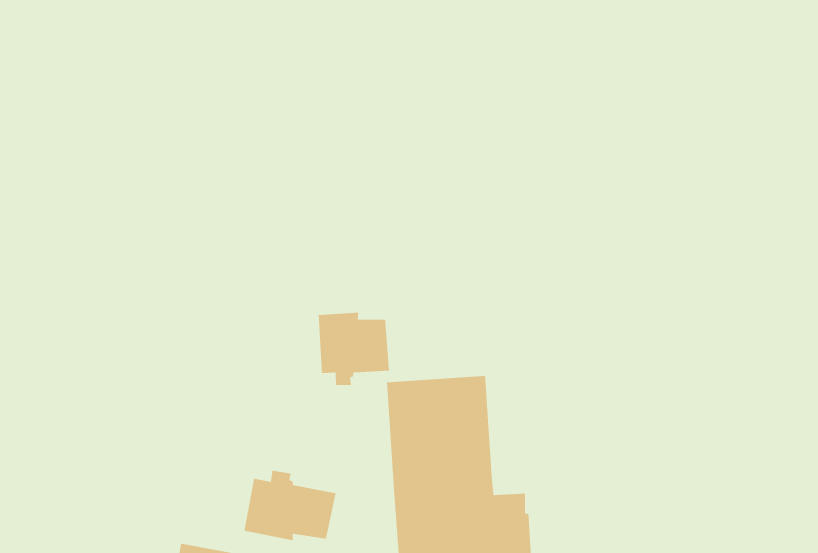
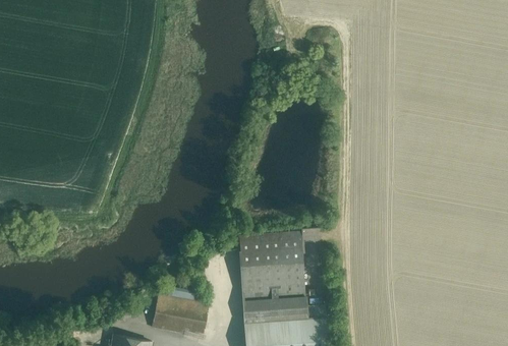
building: [318,312,390,386] -> none

